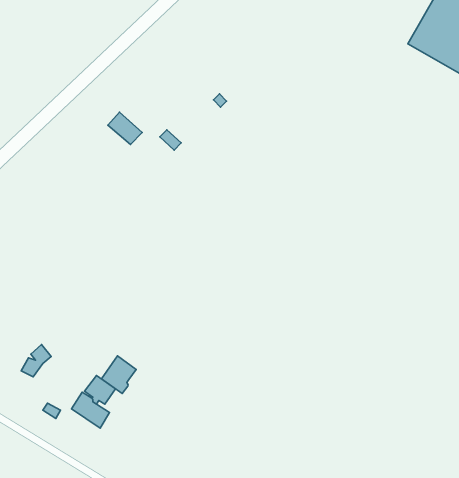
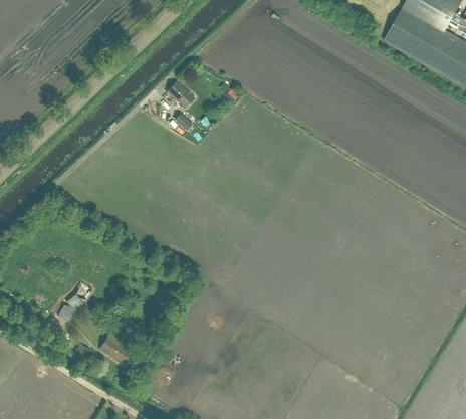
building: [108,112,142,144] -> [167,80,196,108]
building: [101,356,136,393] -> none

